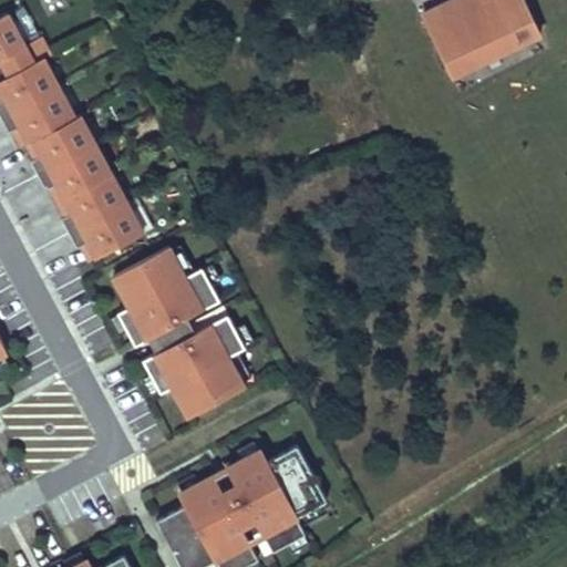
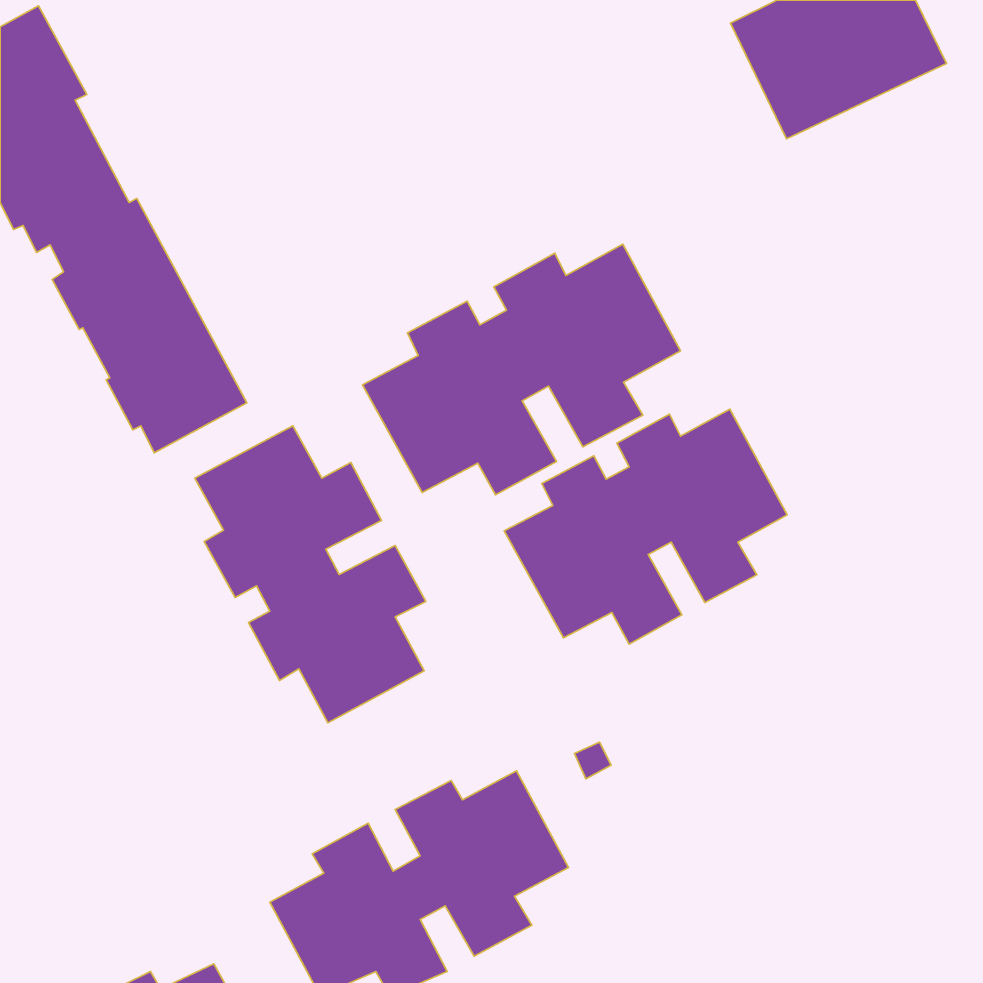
building: none -> [362,244,681,495]
building: none -> [504,409,787,644]

